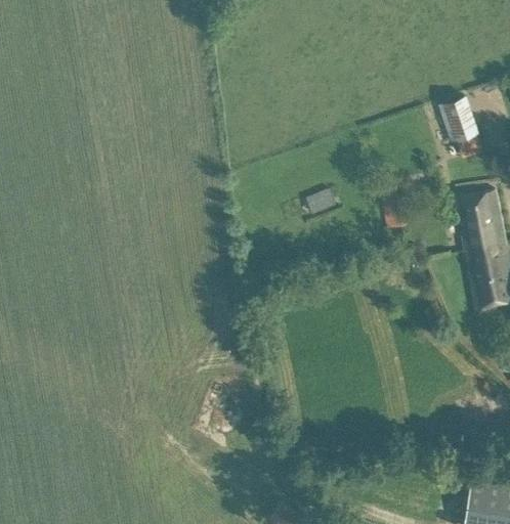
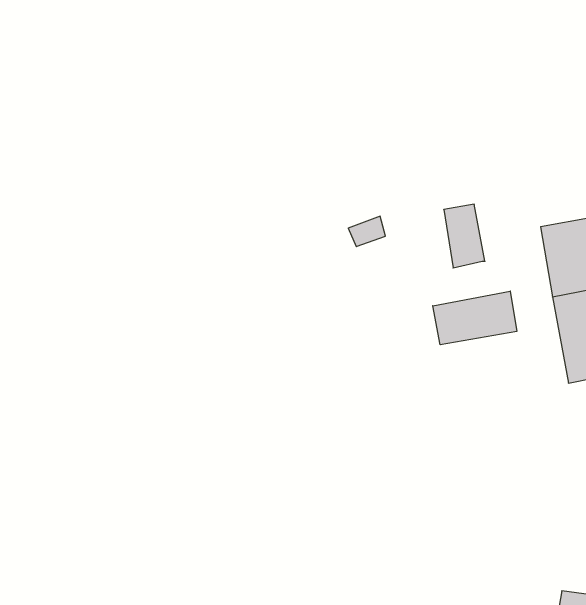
building: [439,95,484,159] -> none
building: none -> [433,291,517,345]

